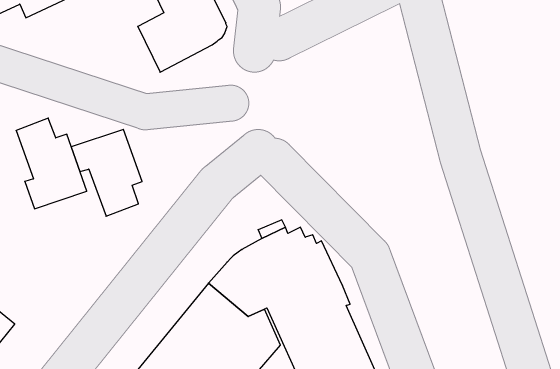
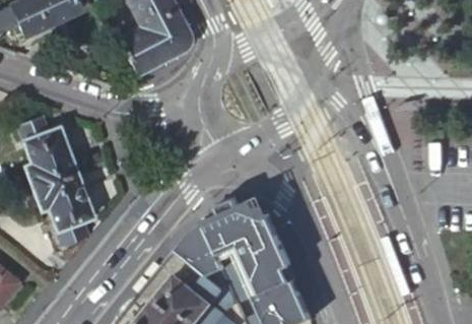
building: [71,129,142,216] -> [33,174,91,245]

